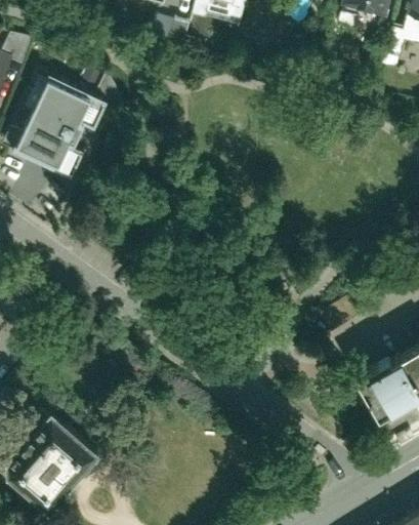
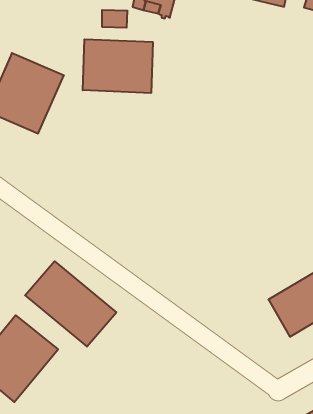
building: none -> [83,39,153,93]
building: none -> [25,261,116,347]

